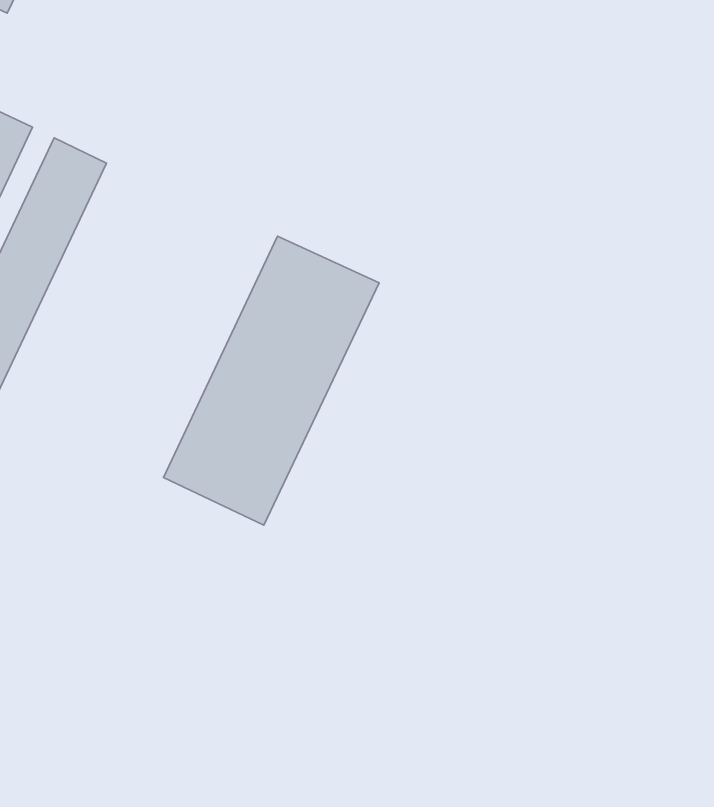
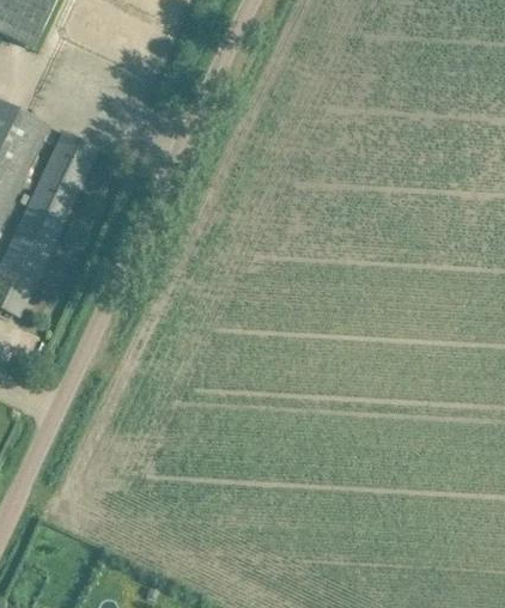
building: [164,236,379,525] -> none

